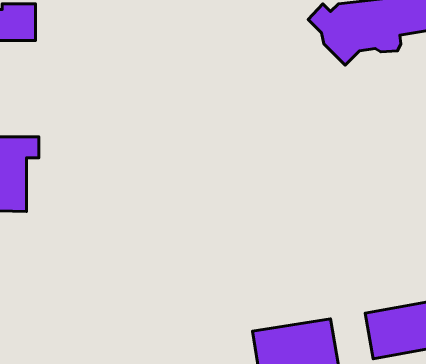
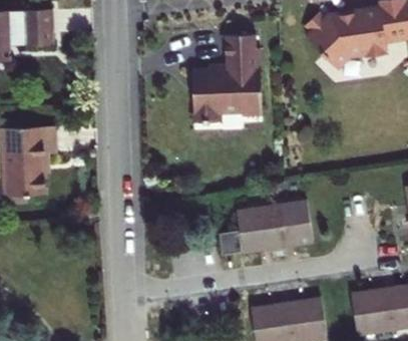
building: none -> [190,33,260,121]
building: none -> [217,200,311,254]

